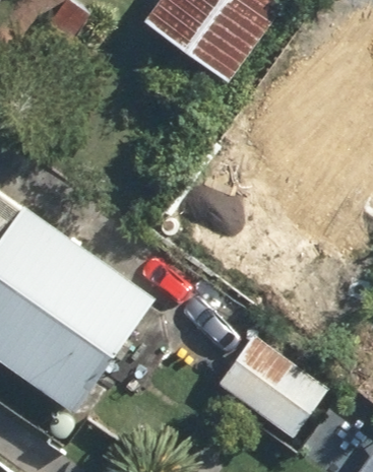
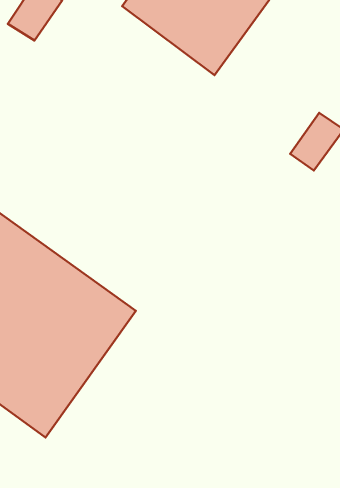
building: [216,335,326,437] -> none

